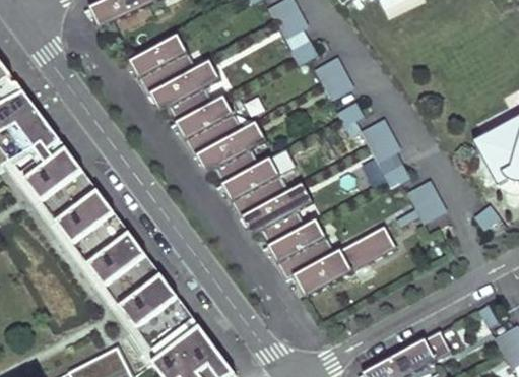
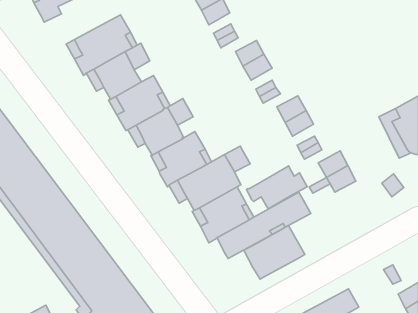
building: none -> [246,166,307,209]
building: none -> [244,225,305,279]

